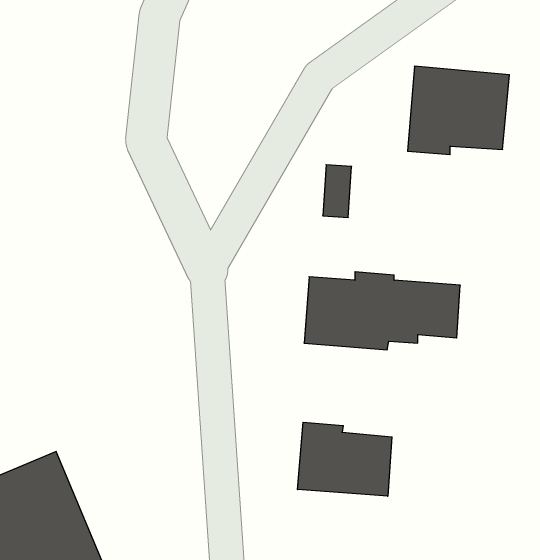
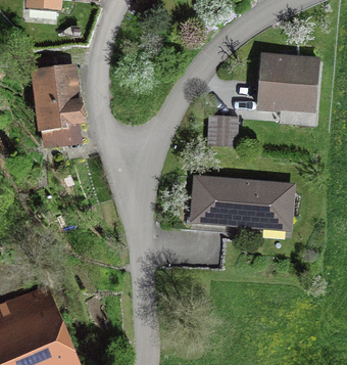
building: none -> [34,59,81,145]
building: [298,422,392,496] -> none

